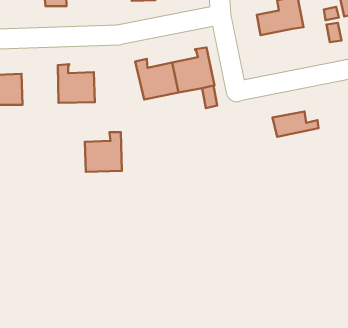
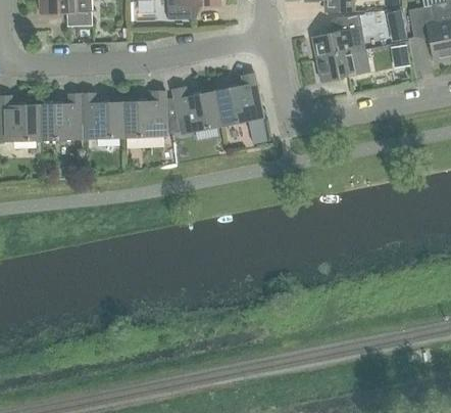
building: none -> [40,94,83,140]
building: [273,111,318,137] -> [316,52,369,82]
building: [85,132,122,172] -> [123,91,166,137]

